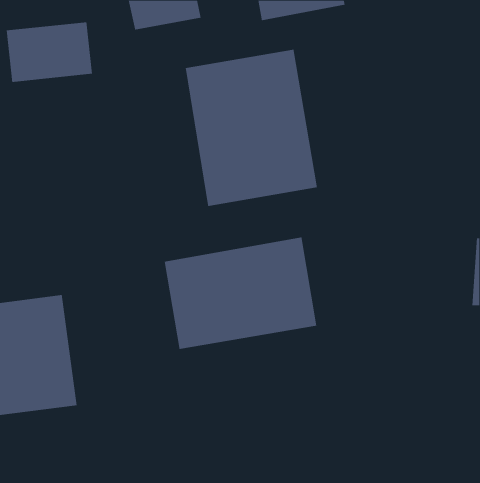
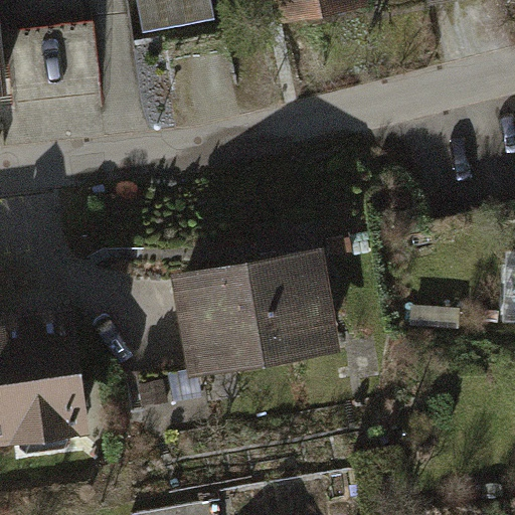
building: [185,49,318,207] -> none

